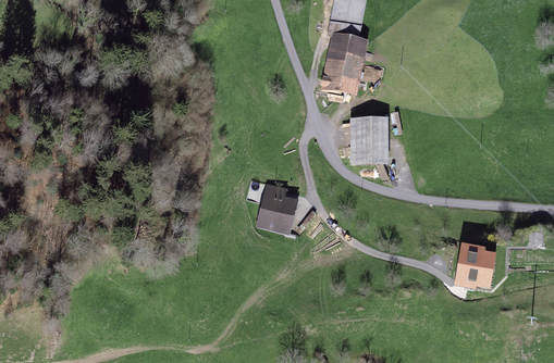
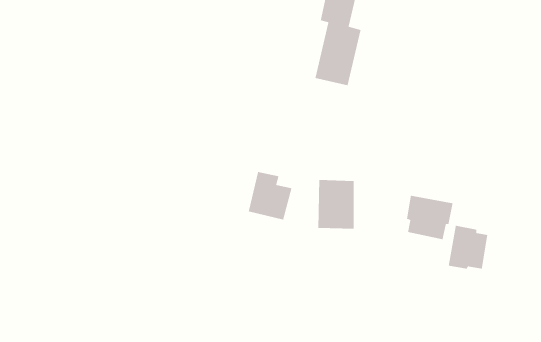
building: [352,118,389,168] -> [317,179,354,229]
building: none -> [406,195,453,240]

